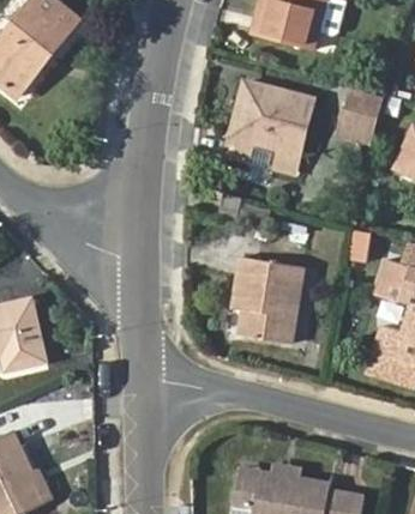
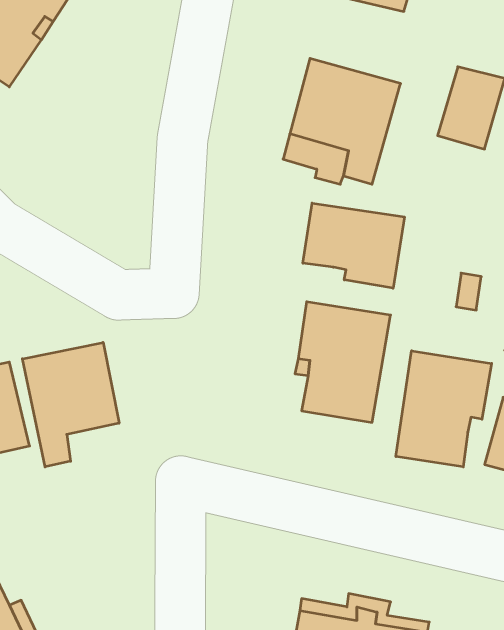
building: none -> [303,203,404,288]
building: none -> [22,342,119,467]
building: none -> [396,351,492,467]

